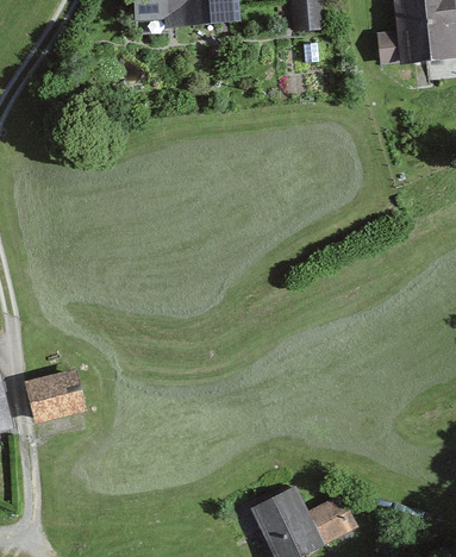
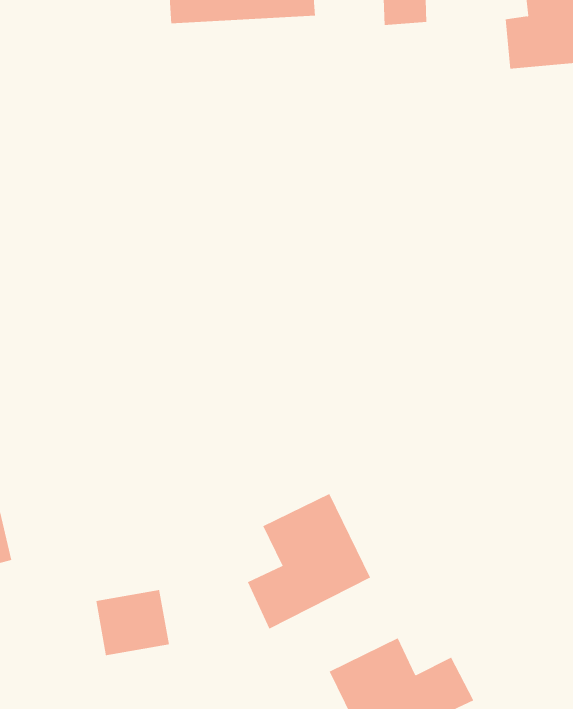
building: [31,369,86,418] -> [95,590,170,656]
building: none -> [247,493,371,630]

